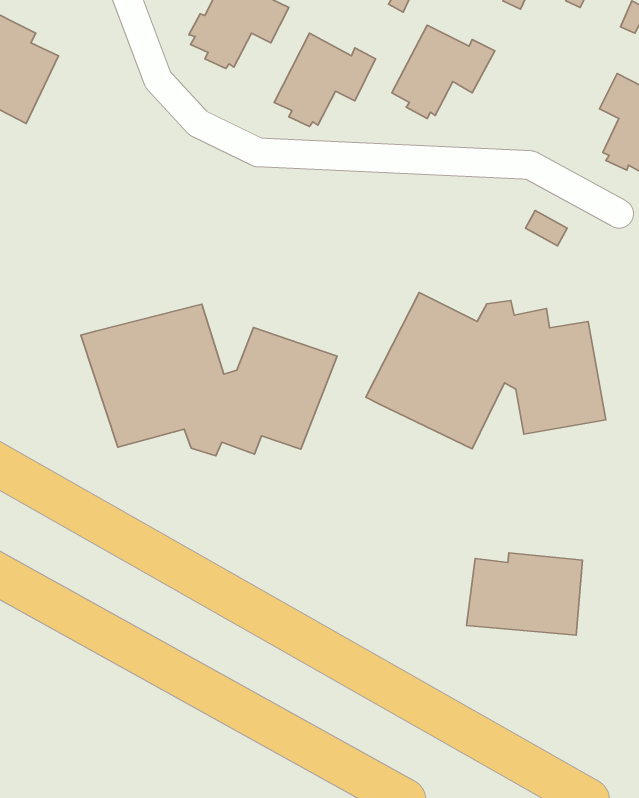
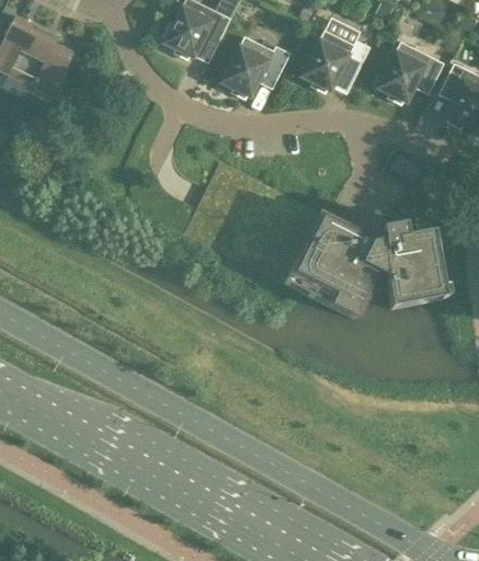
building: none -> [377,42,444,105]
building: [81,304,337,456] -> none
building: [467,553,582,635] -> none

